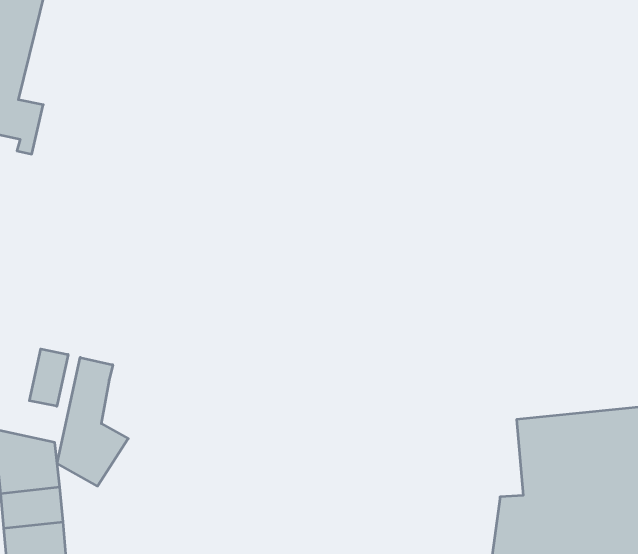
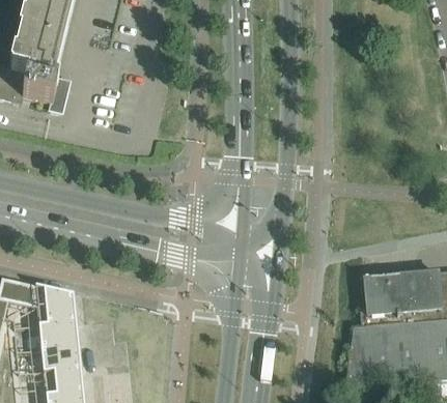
building: [29,349,68,406] -> none
building: [57,357,128,486] -> none

